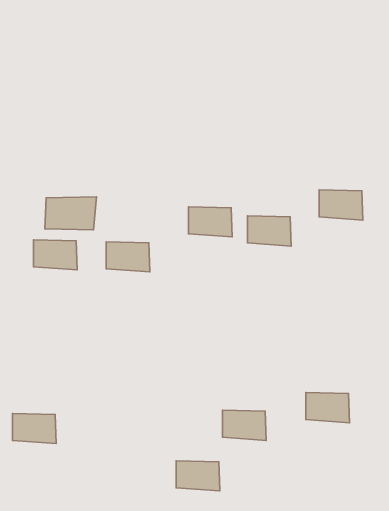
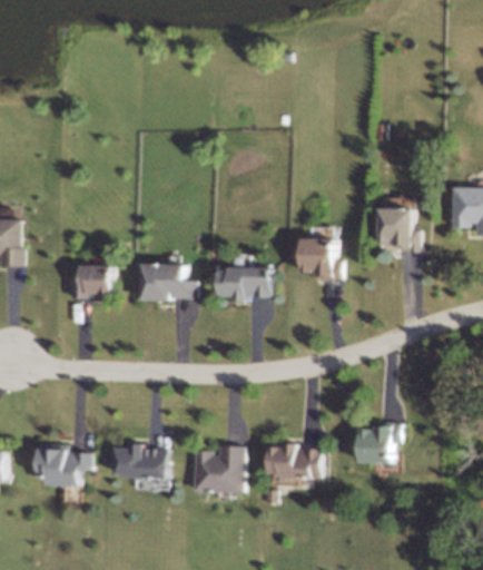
building: [45,197,96,230] -> none
building: [189,207,232,237] -> [221,266,268,298]
building: none -> [115,448,161,480]
building: [176,461,220,491] -> [193,452,239,484]

